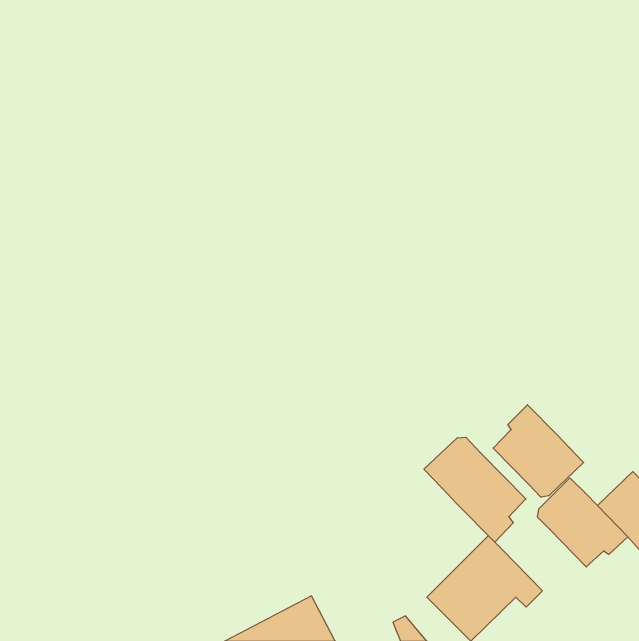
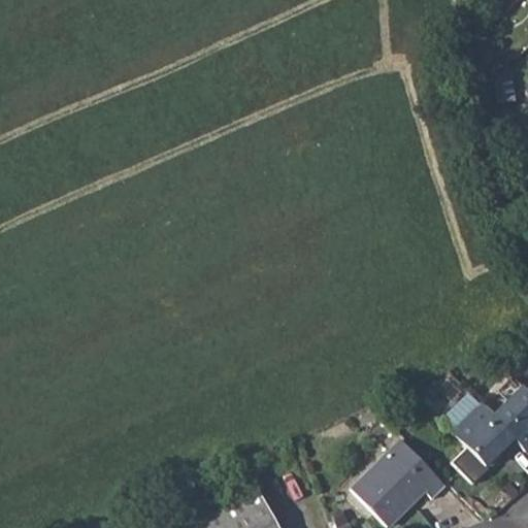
building: [493,405,584,497] -> none
building: [424,437,526,542] -> none

